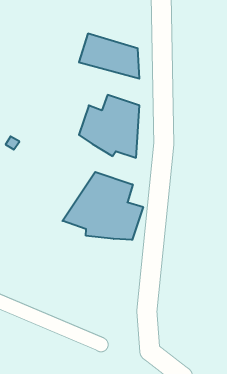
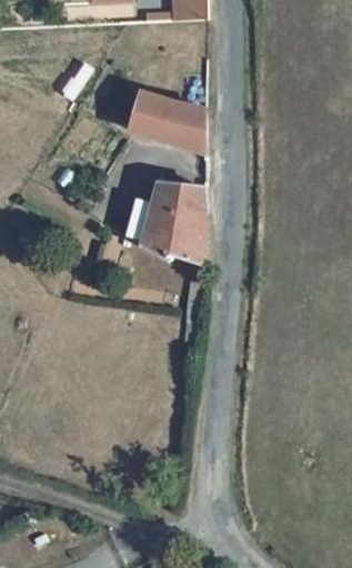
building: [62,172,143,240] -> none

